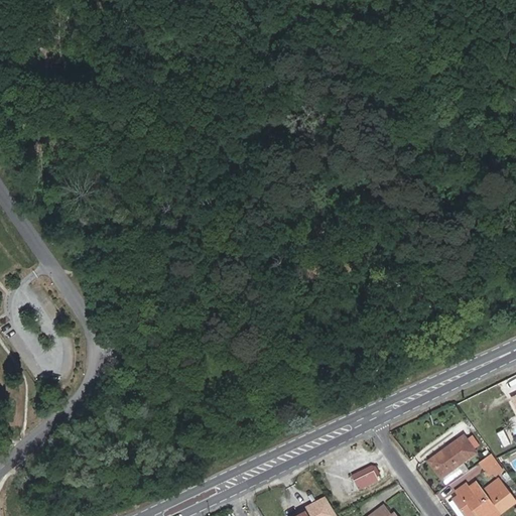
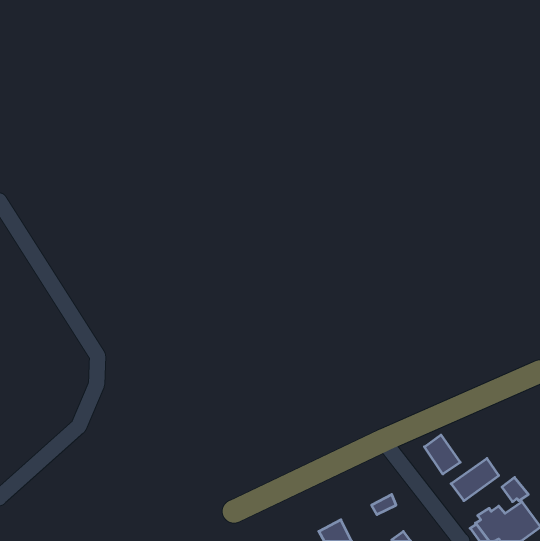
building: none -> [424,435,460,474]

